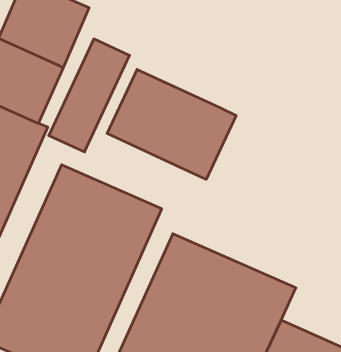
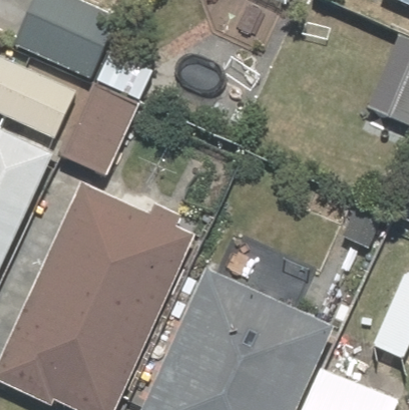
building: [107,69,236,179] -> none

